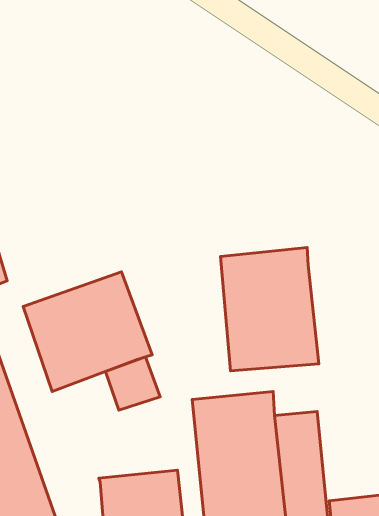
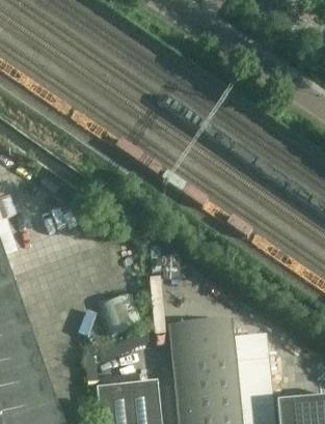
building: [221,248,319,371] -> none
building: [23,272,152,391] -> none

